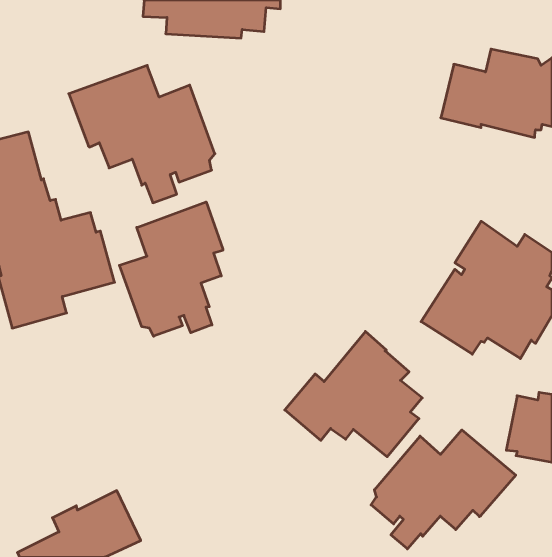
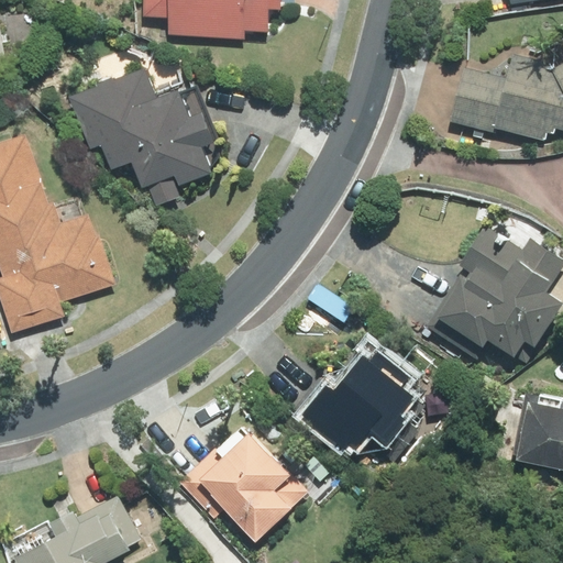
building: [119,202,223,336] -> none
building: none -> [180,433,308,541]
building: [371,430,516,549] -> none

